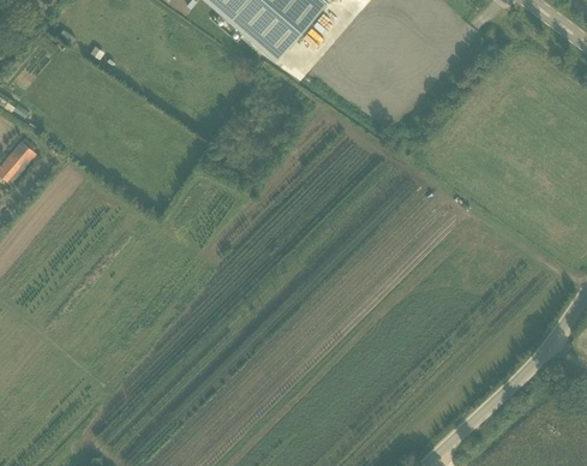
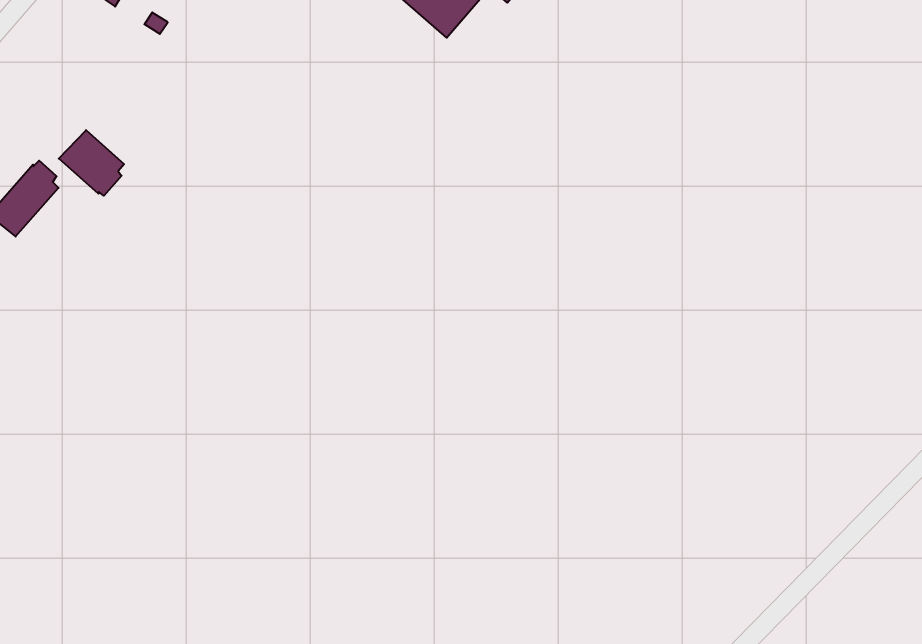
building: none -> [59,130,124,196]

